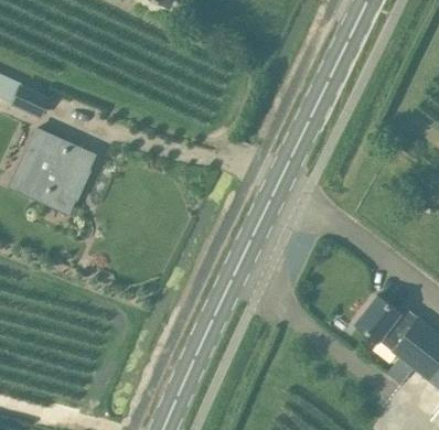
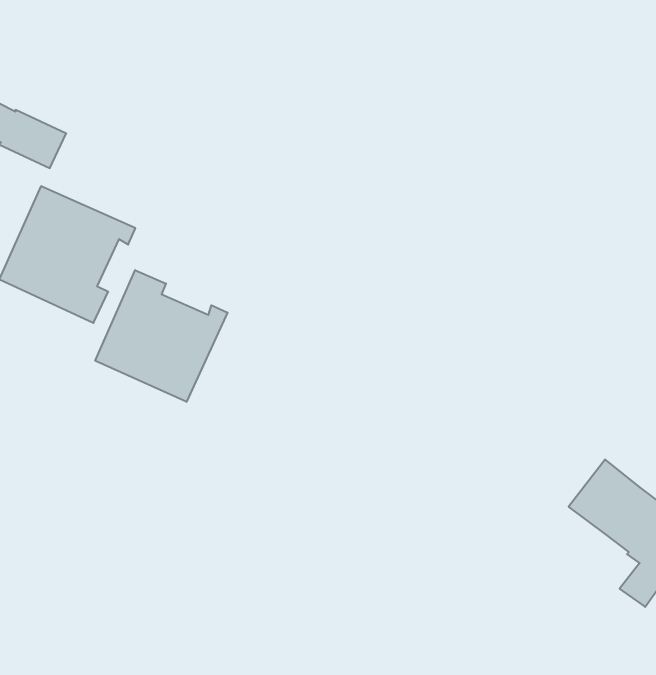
building: none -> [95,270,228,402]

